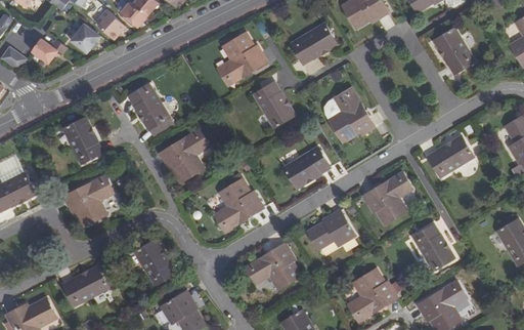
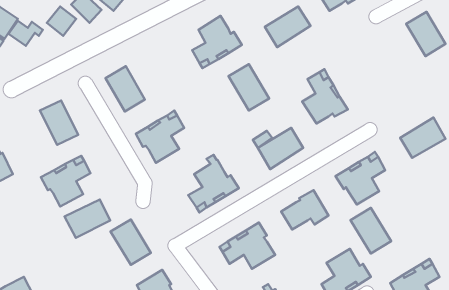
building: [413,223,454,270] -> [351,208,391,253]
building: [62,266,108,305] -> [65,199,110,238]

